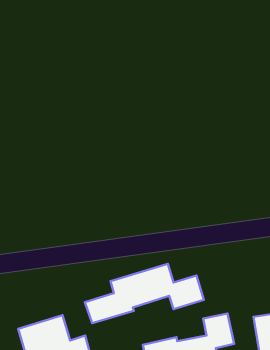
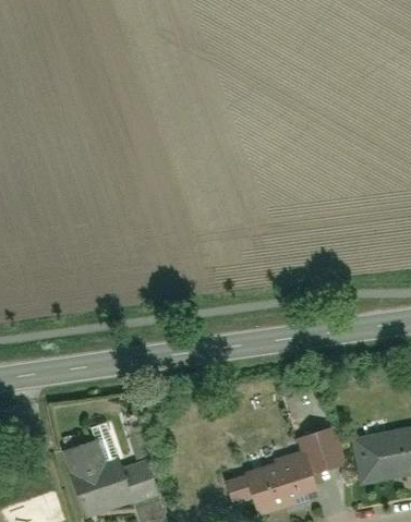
building: [85,264,204,323] -> none

